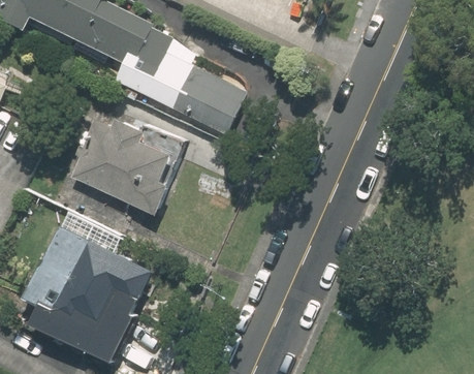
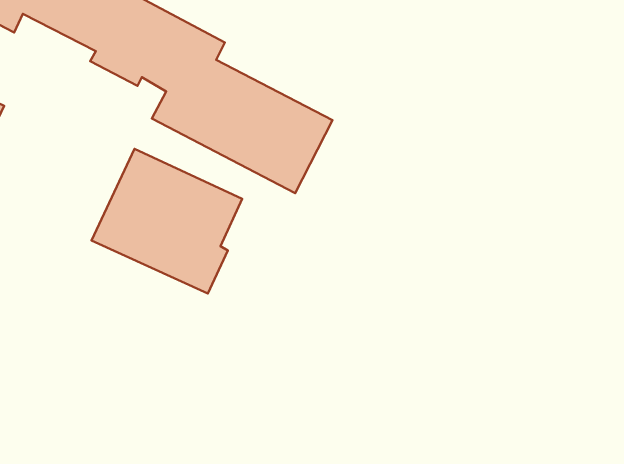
building: [23,226,153,329] -> none

